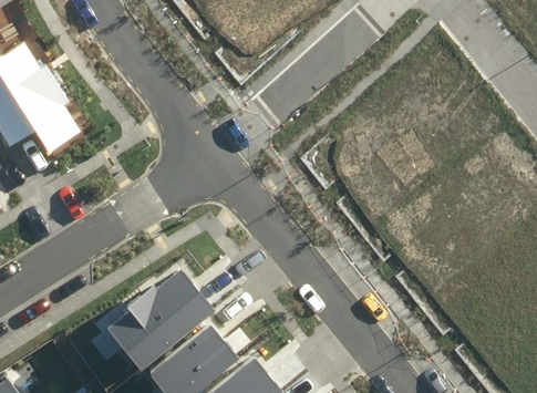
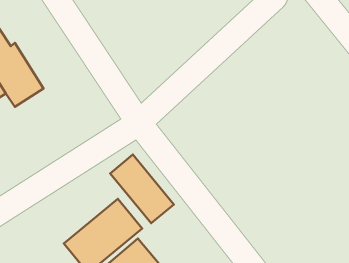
building: none -> [110,155,174,223]

